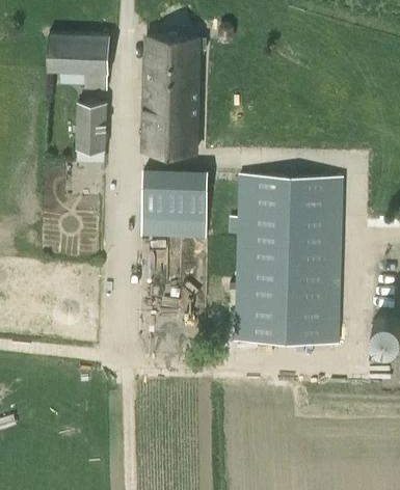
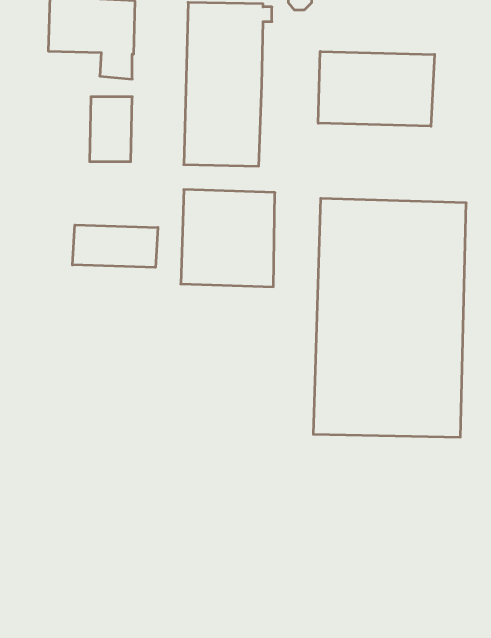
building: none -> [318,51,435,126]
building: none -> [72,225,158,267]

